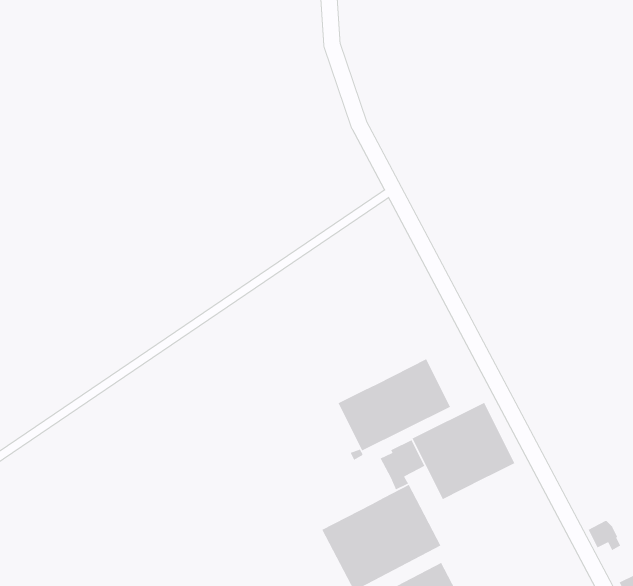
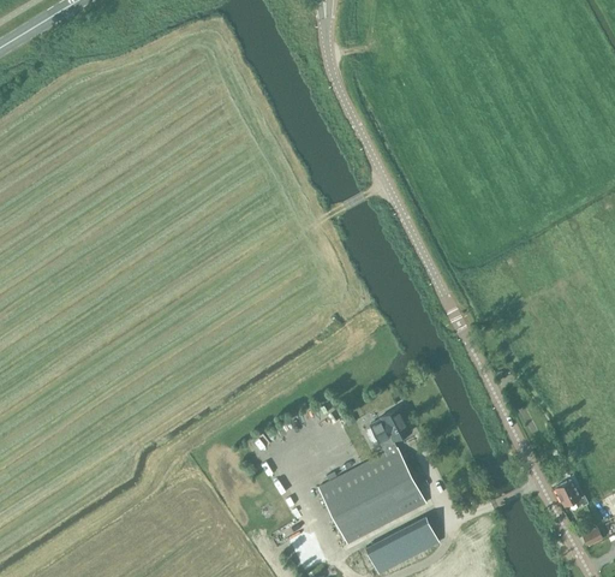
building: [337,358,451,452] -> none
building: [411,402,516,500] -> none

